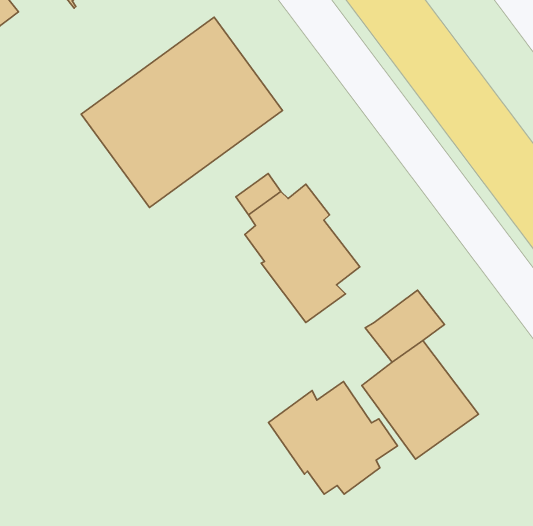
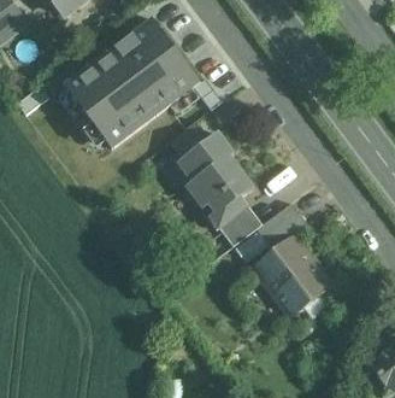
building: none -> [217,206,263,247]
building: [268,382,397,494] -> none

